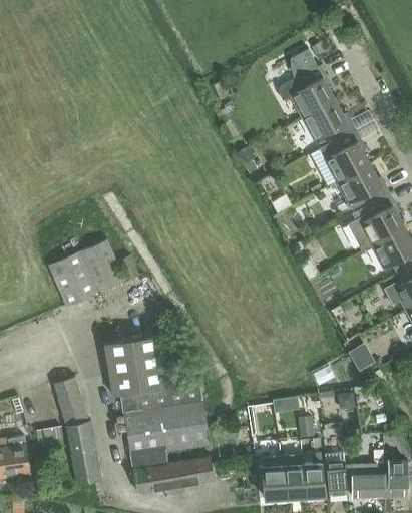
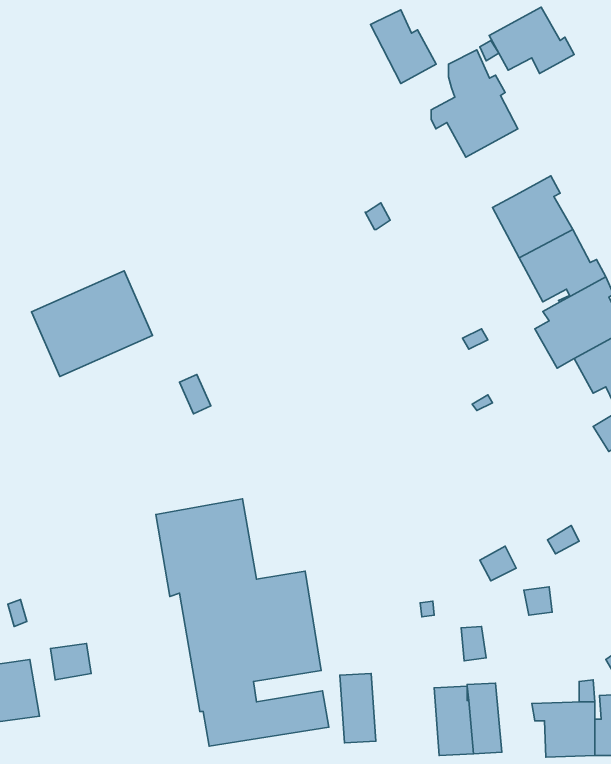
building: none -> [371,10,436,83]
building: [302,99,356,141] -> [489,7,574,73]
building: [48,239,125,307] -> [31,271,153,376]
building: [54,377,102,485] -> none
building: [325,452,347,495] -> none
building: [262,455,285,499] -> [340,674,376,743]

